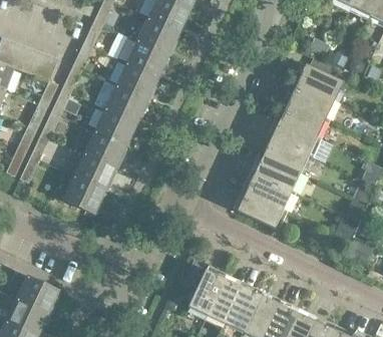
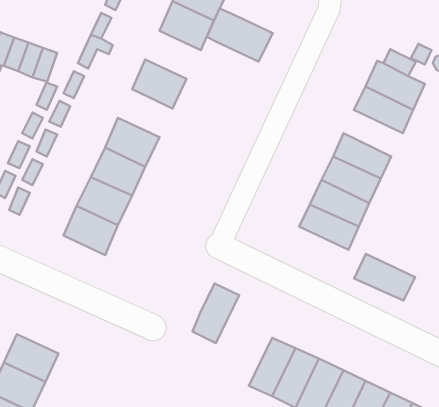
building: [117,36,168,77] -> [207,8,273,62]
building: [93,80,146,122] -> none
building: [279,101,325,137] -> none
building: [236,192,283,228] -> [354,254,415,300]
building: [187,269,224,315] -> [193,284,239,343]

